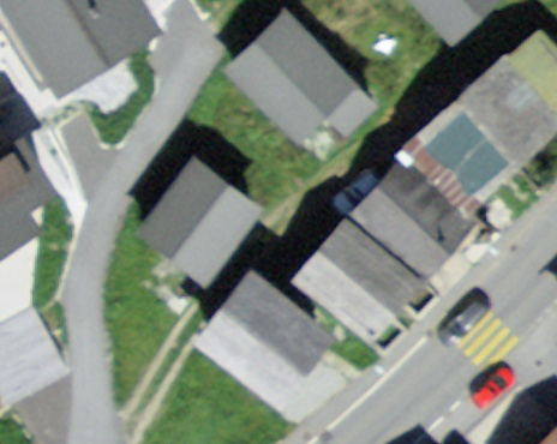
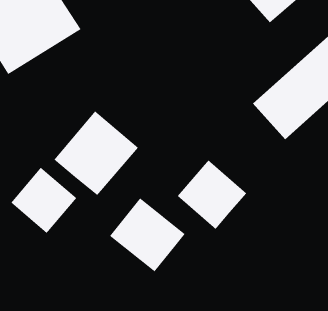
building: [220,6,372,134] -> none
building: [358,163,466,272] -> none
building: none -> [10,167,77,234]

